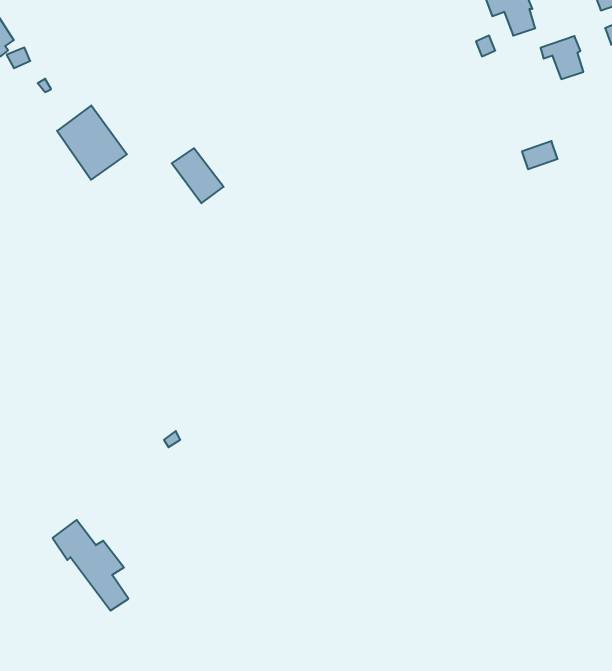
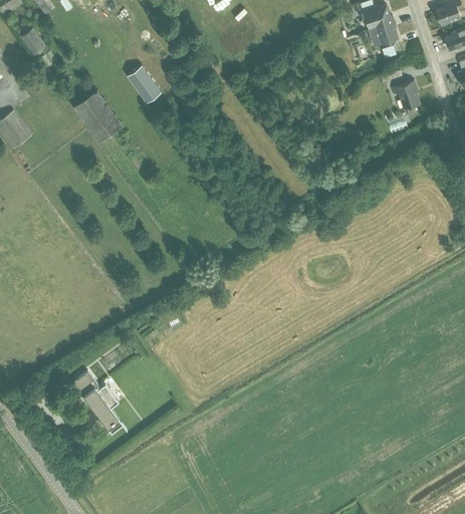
building: [540,36,583,79] -> [390,79,419,108]
building: [172,148,224,203] -> [126,65,161,102]

